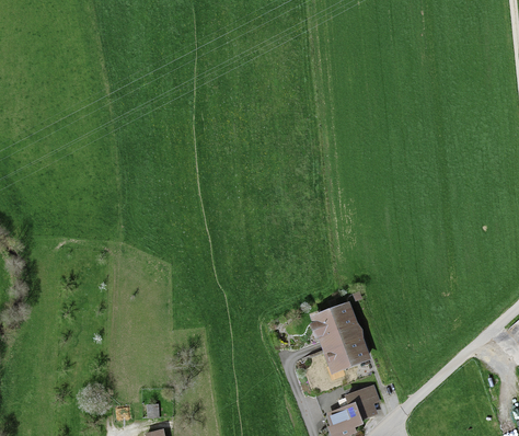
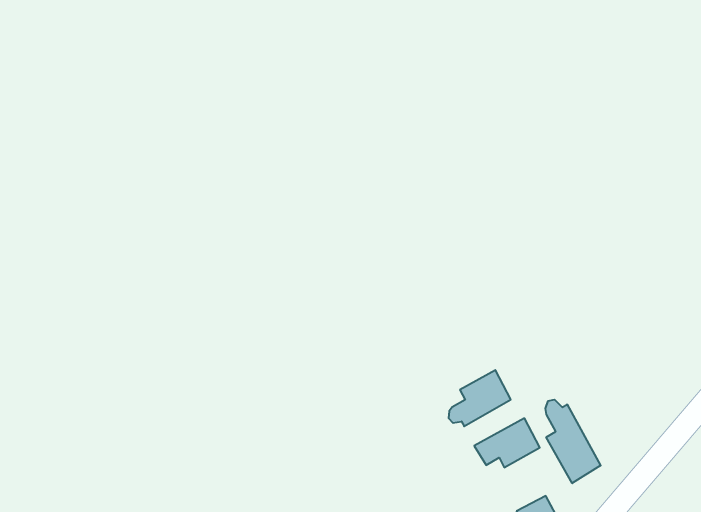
building: none -> [545,400,601,483]

